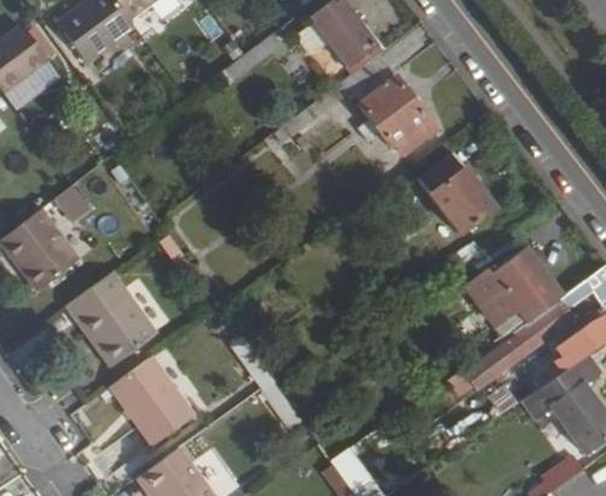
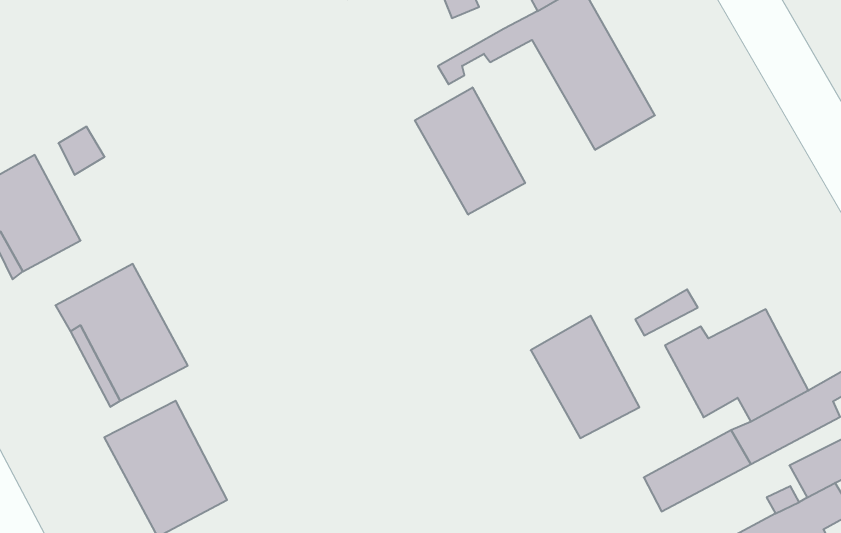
building: none -> [415,87,525,215]
building: [421,153,497,234] -> [531,316,639,438]

